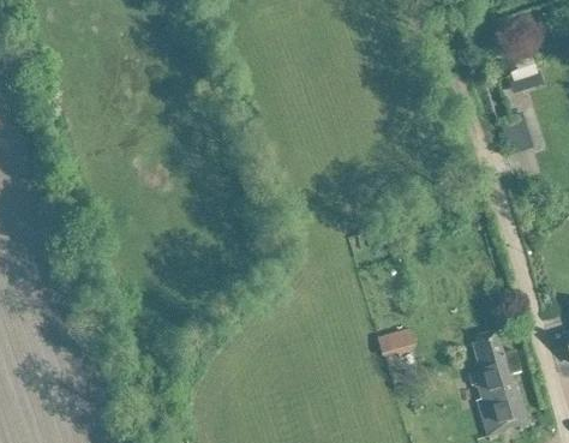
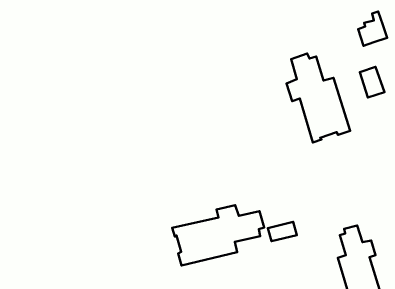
building: none -> [287,54,350,143]
building: none -> [172,205,264,266]

